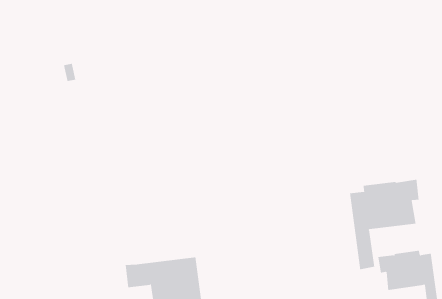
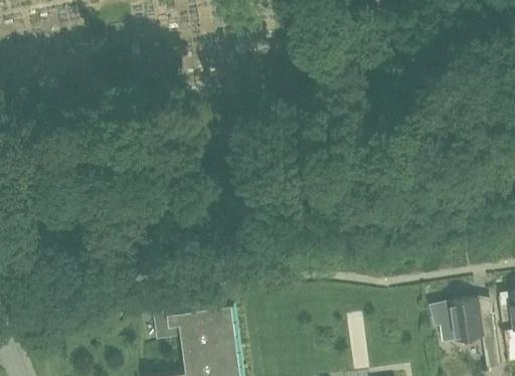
building: [349,179,419,270] -> none

